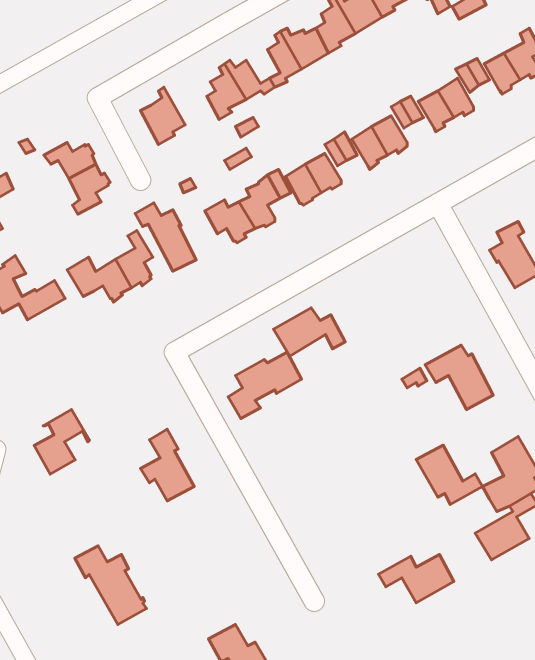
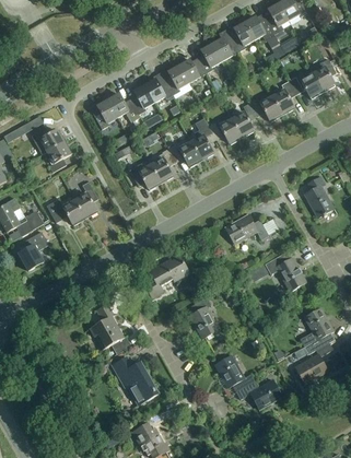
building: none -> [105,92,139,119]
building: [135,203,196,271] -> none
building: [274,308,345,356] -> [225,214,269,244]
building: [34,410,90,474] -> [19,231,52,270]
building: none -> [189,296,220,338]
building: [416,445,482,504] -> [215,355,256,391]
building: [75,546,146,625] -> [113,356,156,404]

